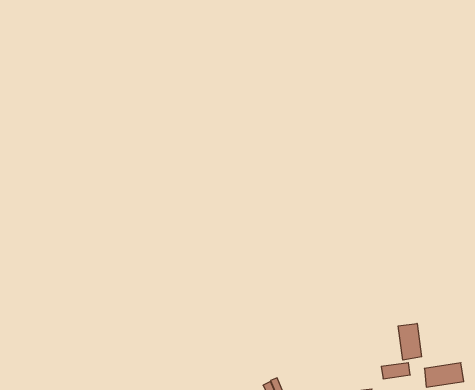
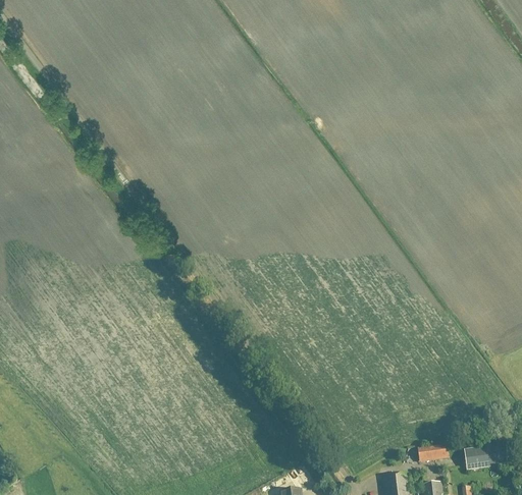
building: [398,323,422,360] -> none

